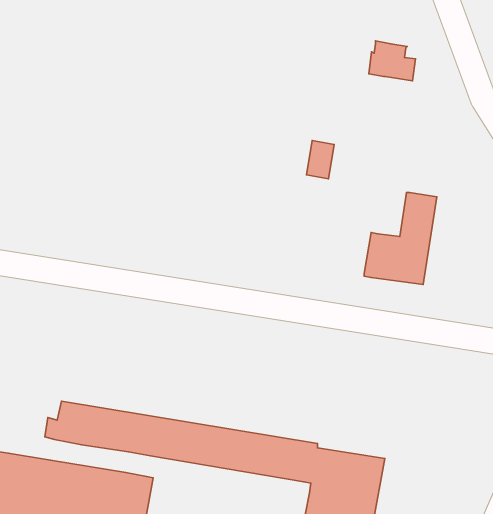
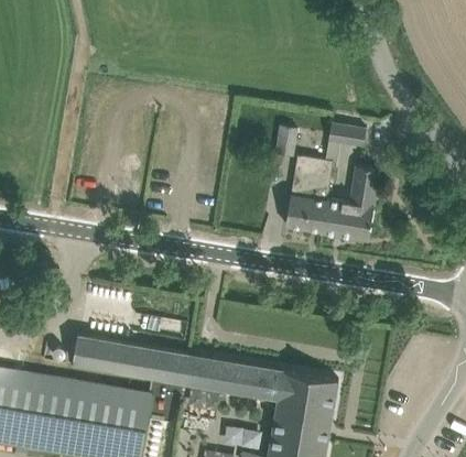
building: [369,41,415,81] -> [327,116,365,148]
building: none -> [284,157,332,233]

